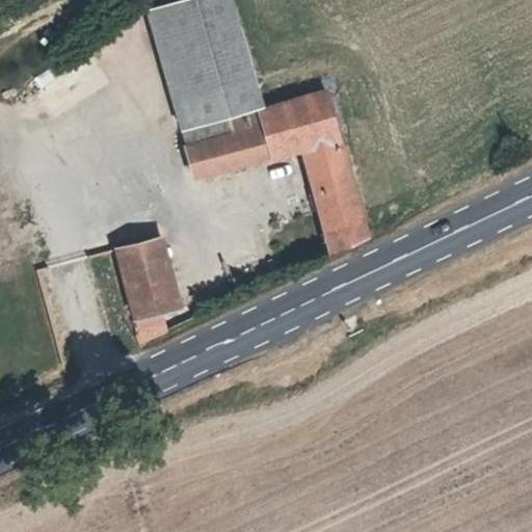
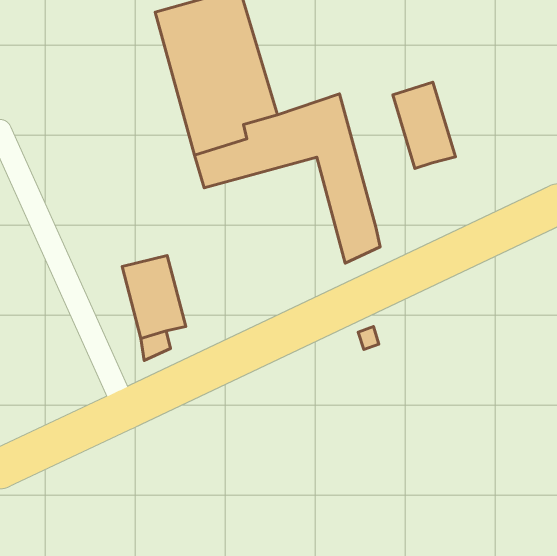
building: none -> [393,82,455,169]

